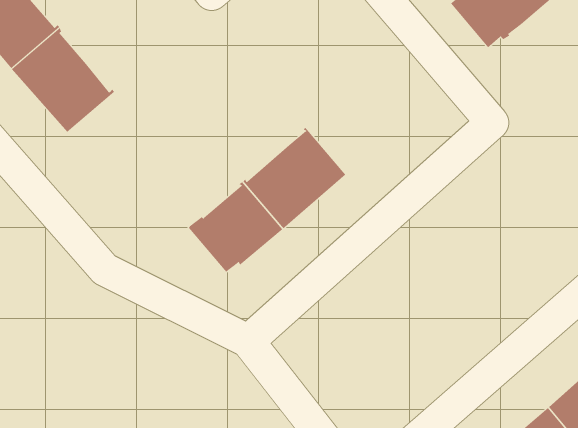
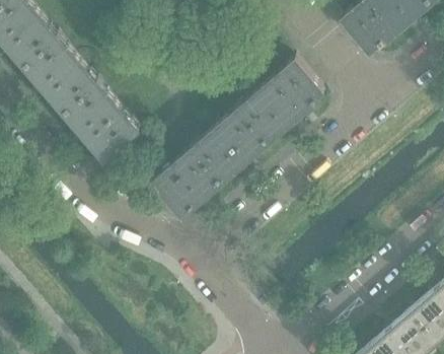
building: none -> [236,60,321,143]
building: none -> [64,83,138,160]

